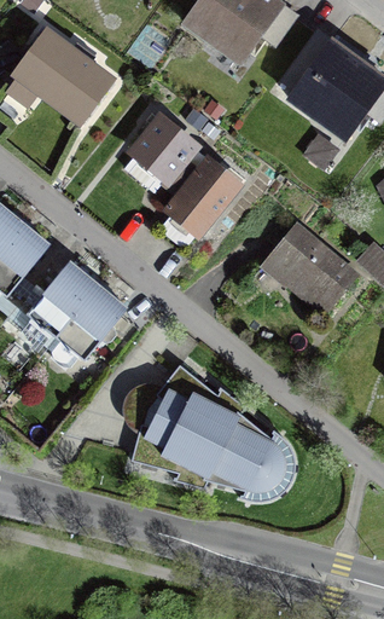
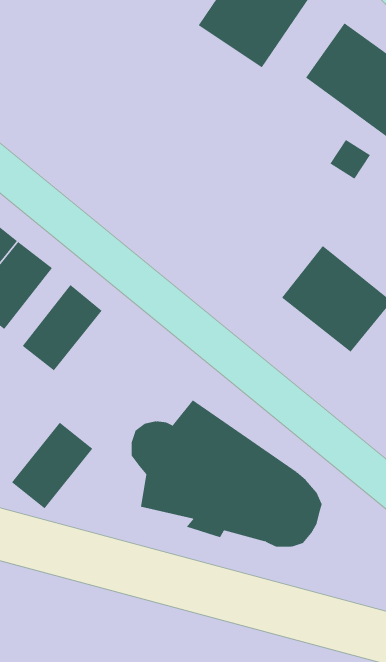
building: [12,31,115,127] -> none
building: [124,116,202,191] -> none
building: [157,155,242,245] -> none
building: [53,282,127,360] -> [11,422,93,509]

